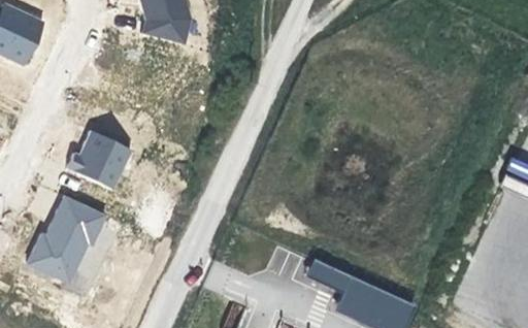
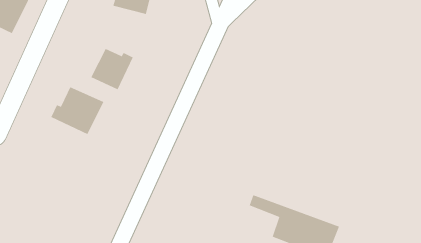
building: none -> [91,48,134,90]
building: [28,195,105,282] -> none

